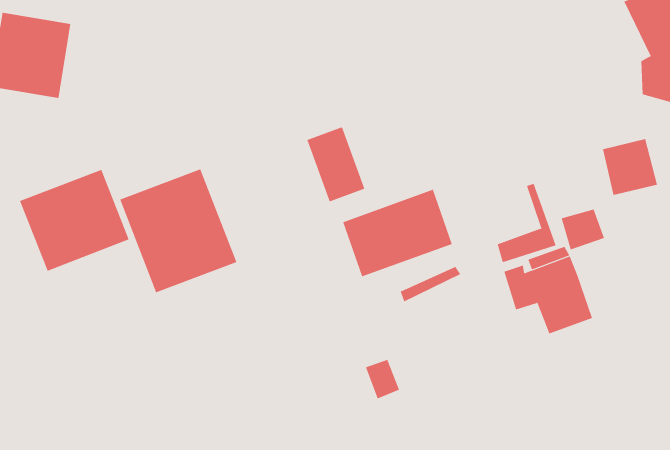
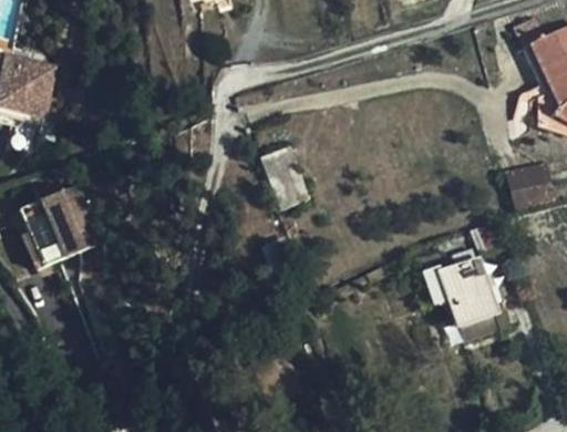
building: [119,169,237,293] -> none
building: [497,183,557,263] -> [460,271,509,338]
building: [343,189,453,277] -> none

